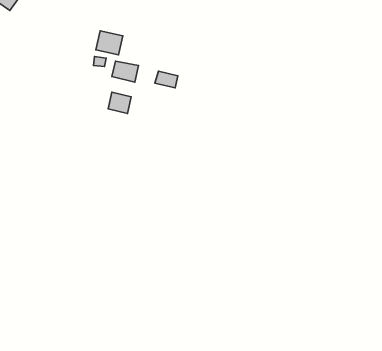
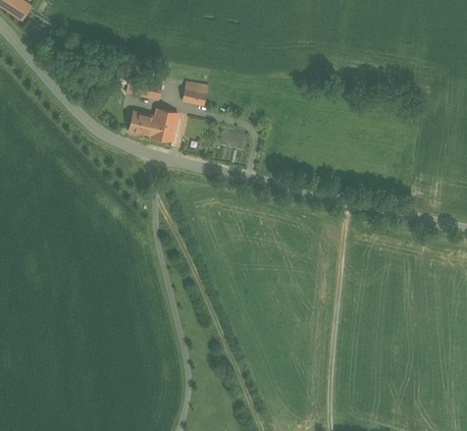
building: [96,31,123,55] -> none
building: none -> [148,107,176,146]

